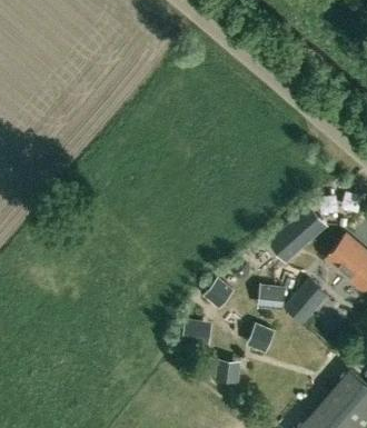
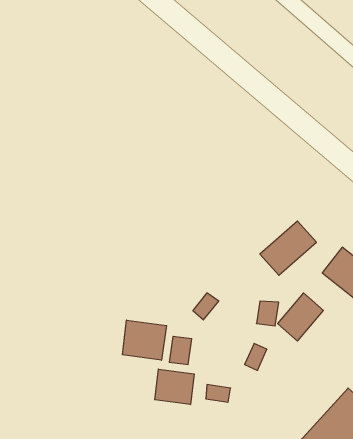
building: none -> [123,320,167,360]
building: none -> [155,369,194,405]

